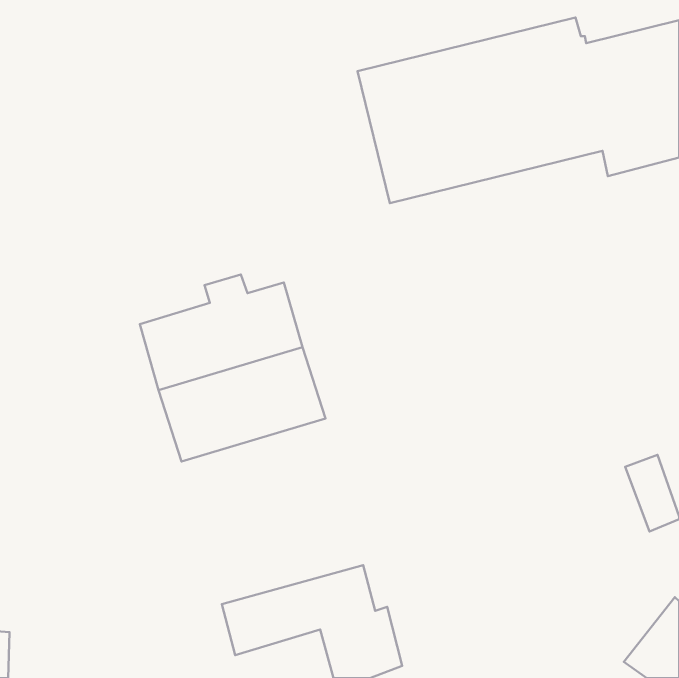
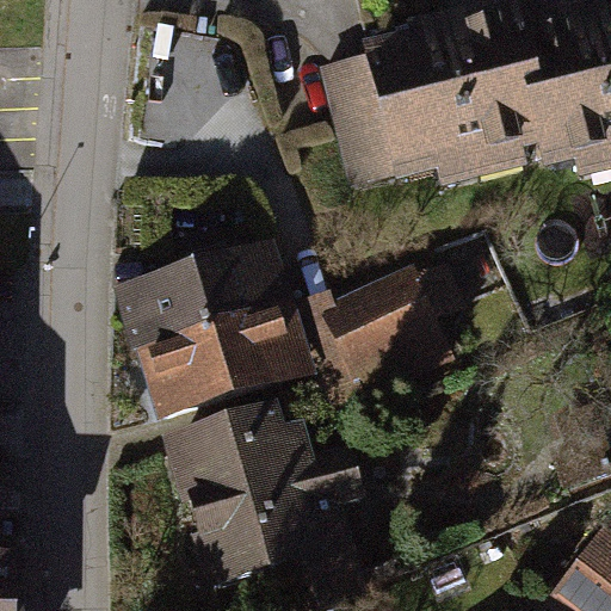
building: none -> [332,277,438,385]
building: none -> [171,415,352,536]

